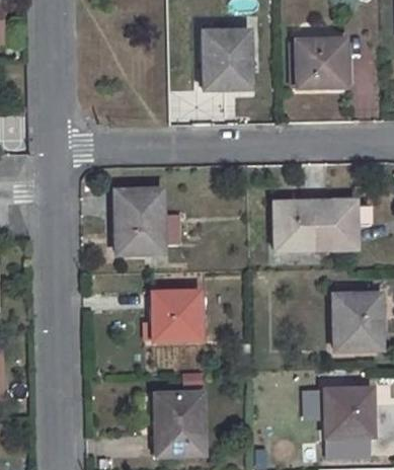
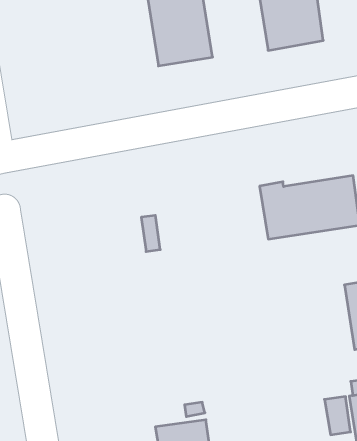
building: [117,190,162,254] -> none
building: [151,292,200,339] -> none

